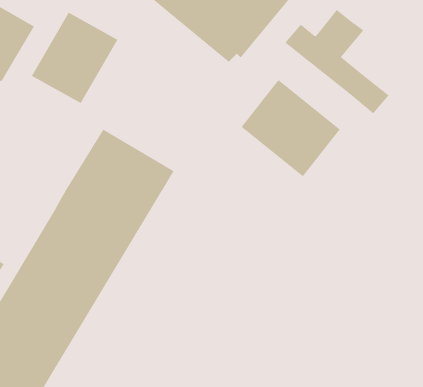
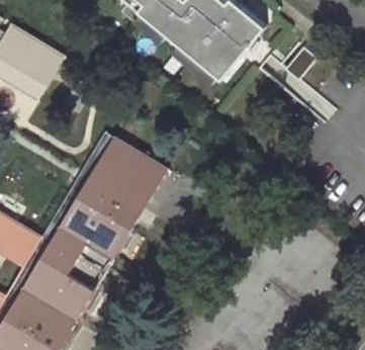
building: [31,12,118,104] -> none
building: [241,79,340,177] -> none

